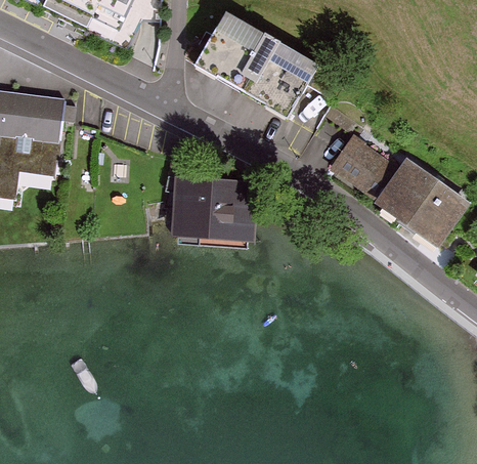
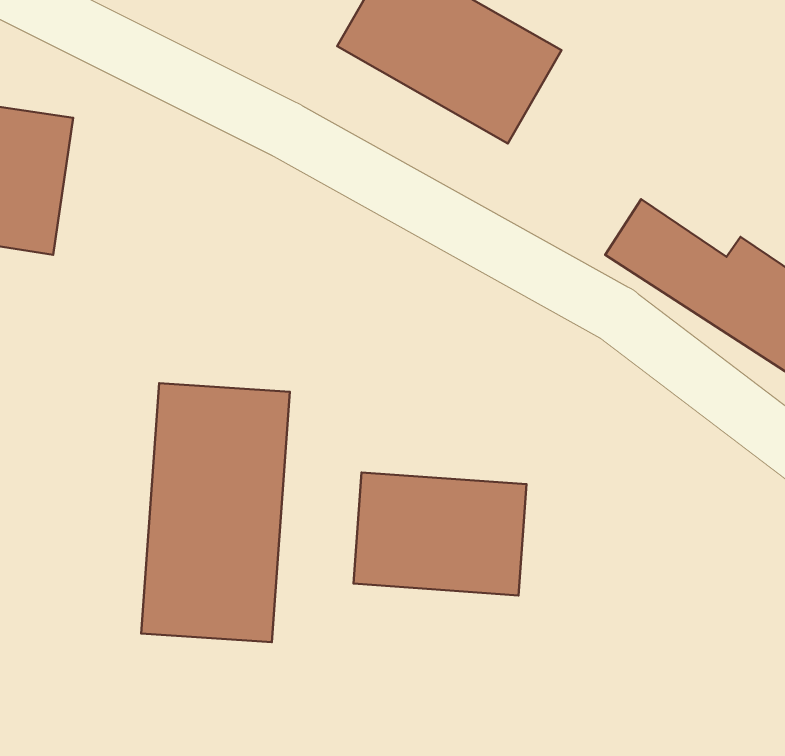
building: [171,173,260,237] -> [354,472,526,596]
building: none -> [141,383,290,642]

